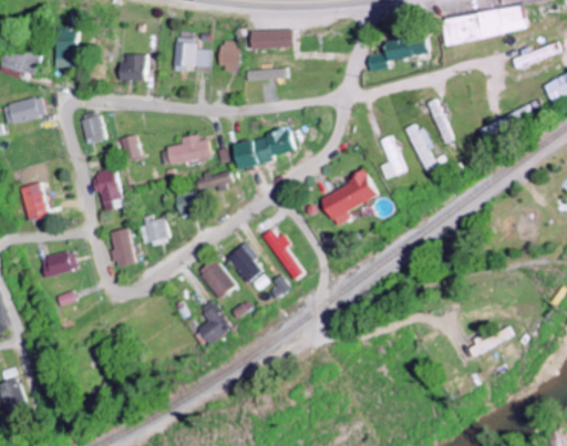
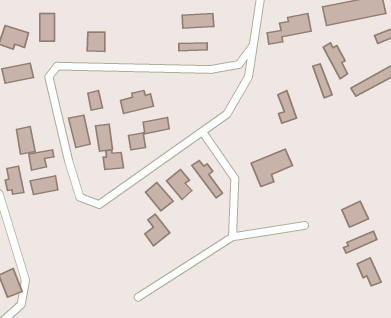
building: [173,38,208,71] -> none
building: [219,41,238,71] -> none
building: [81,115,105,144] -> none
building: [404,123,437,172] -> [323,43,348,79]
building: [230,129,292,169] -> none
building: [320,175,377,226] -> [251,149,293,187]
building: none -> [29,150,54,170]
building: [112,229,135,266] -> [95,124,112,151]
building: none -> [5,166,24,194]
building: none -> [342,201,368,227]
building: none -> [357,258,381,286]

